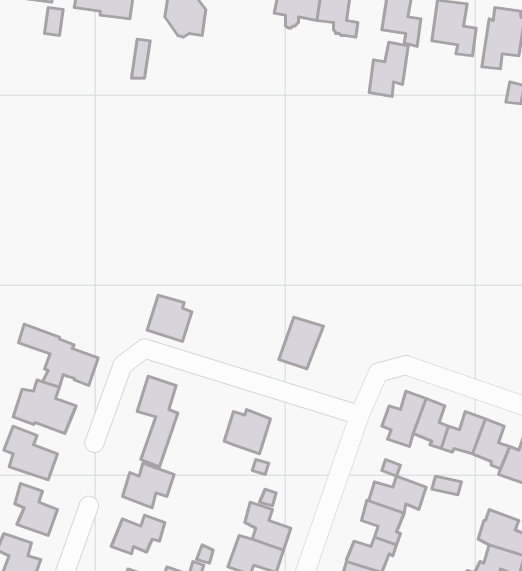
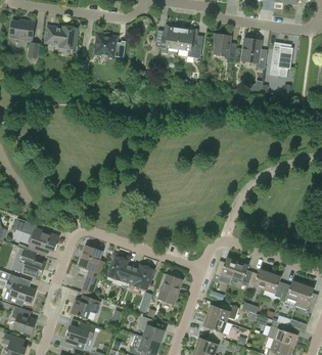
building: [369,42,409,96] -> none
building: [147,295,192,341] -> [107,256,132,281]
building: [279,317,323,369] -> [157,274,182,303]

